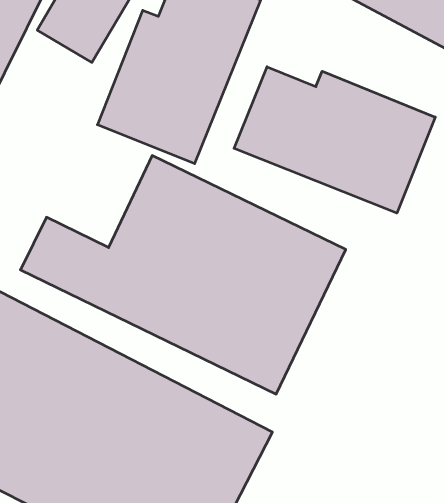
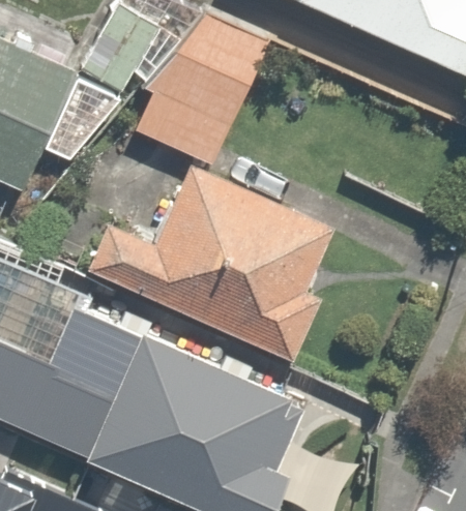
building: [234,67,435,213] -> none

